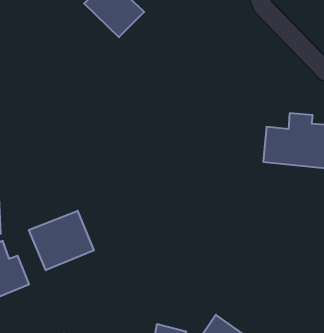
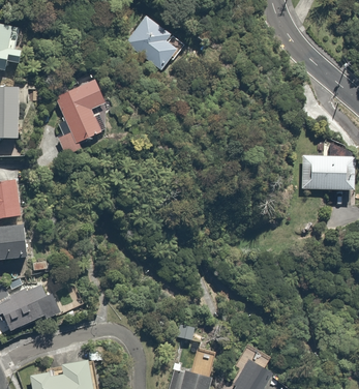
building: none -> [53,79,108,157]
building: [29,211,94,270] -> none

